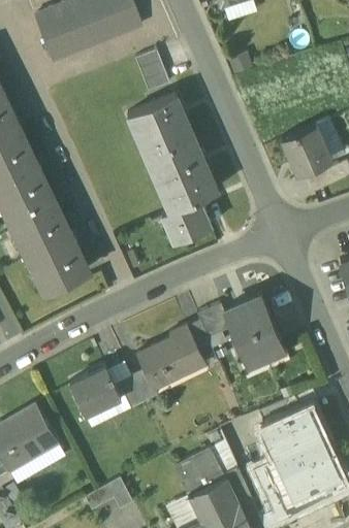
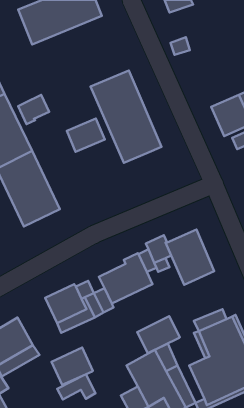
building: [135,50,169,91] -> none
building: none -> [18,95,49,124]
building: [161,198,210,240] -> [67,119,105,152]
building: none -> [137,316,180,353]
building: none -> [51,348,93,385]

